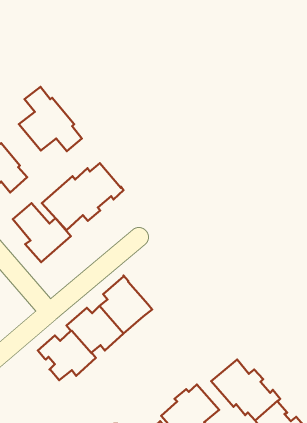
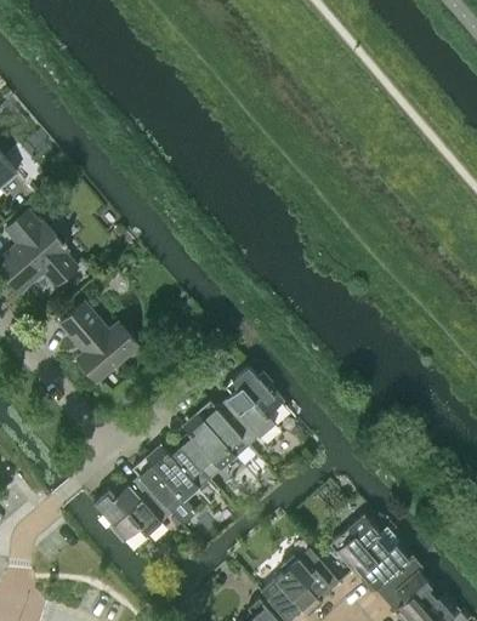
building: [19,87,82,151] -> none
building: [42,163,124,230] -> none
building: none -> [216,368,285,448]

